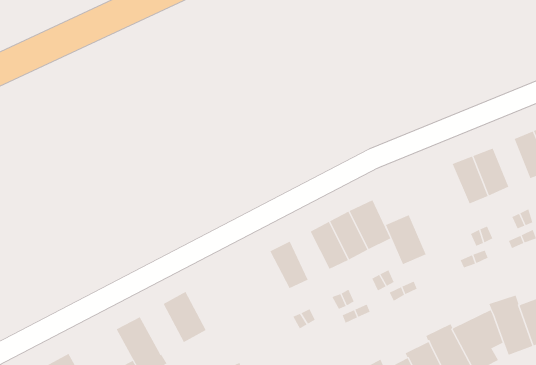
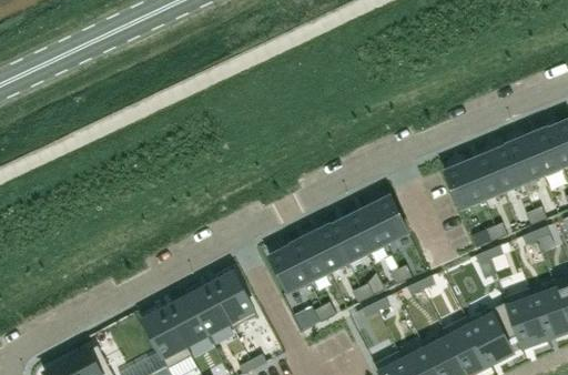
building: none -> [507,138,542,184]
building: [385,214,426,265] -> [444,162,484,211]
building: none -> [311,227,348,274]
building: none -> [268,246,310,294]
building: none -> [210,273,256,328]
building: none -> [165,297,207,346]

